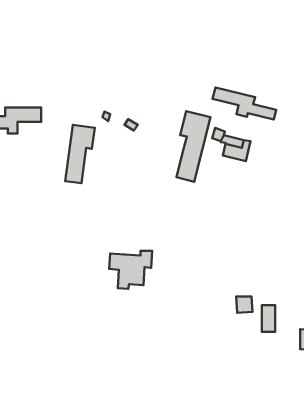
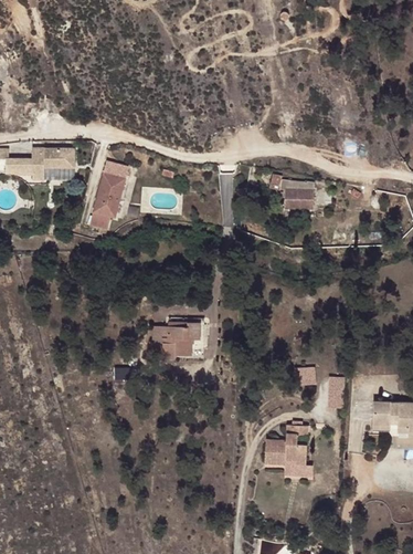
building: [213,87,276,120] -> none
building: [176,111,210,182] -> none
building: none -> [264,429,307,470]

